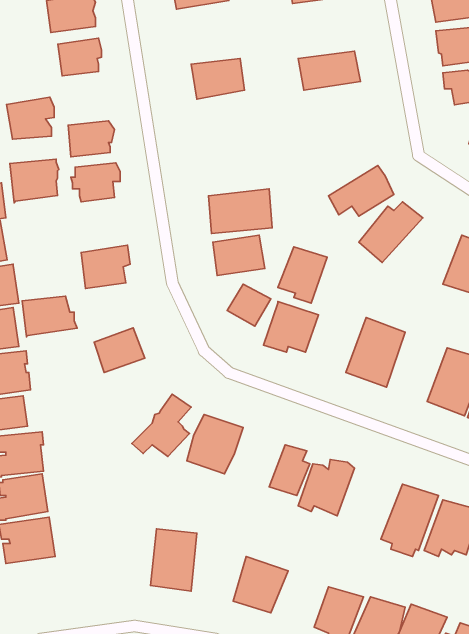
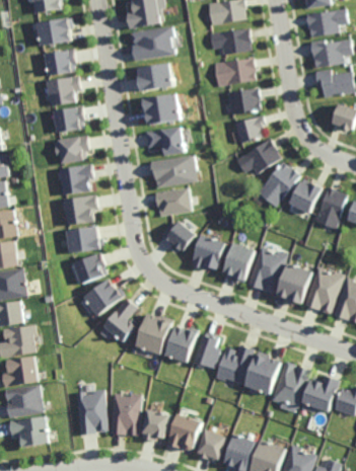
building: none -> [128,28,176,63]
building: none -> [208,29,252,56]
building: none -> [227,89,261,115]
building: [7,97,54,139] -> [46,76,79,105]
building: none -> [141,94,183,127]
building: none -> [232,117,262,145]
building: none -> [143,127,187,156]
building: [10,159,59,203] -> [58,165,92,195]
building: none -> [286,180,325,213]
building: [278,247,327,303] -> [222,242,257,282]
building: [22,296,77,337] -> [65,227,103,255]
building: none -> [276,262,313,303]
building: none -> [81,277,124,317]
building: none -> [164,326,201,363]
building: none -> [243,354,281,395]
building: none -> [73,389,109,436]
building: none -> [141,408,172,443]
building: none -> [8,415,48,446]
building: none -> [197,429,229,460]

